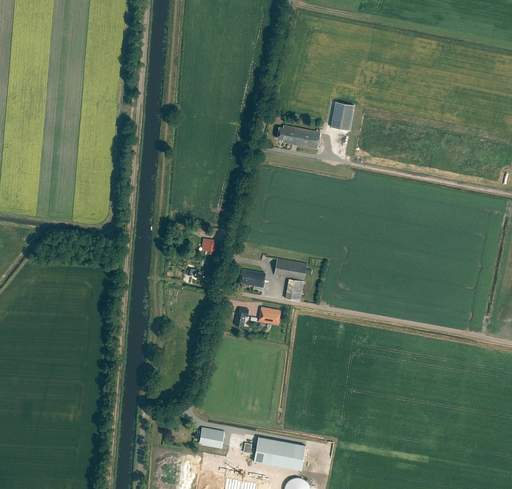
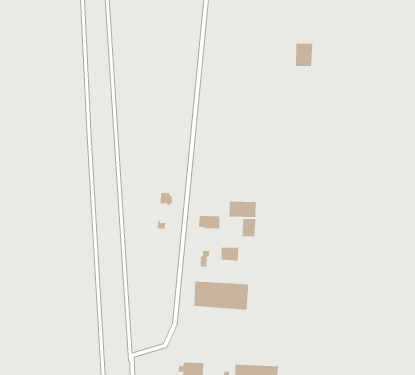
building: [331,102,354,130] -> [295,43,313,67]
building: [277,125,321,149] -> none
building: none -> [194,281,249,310]

